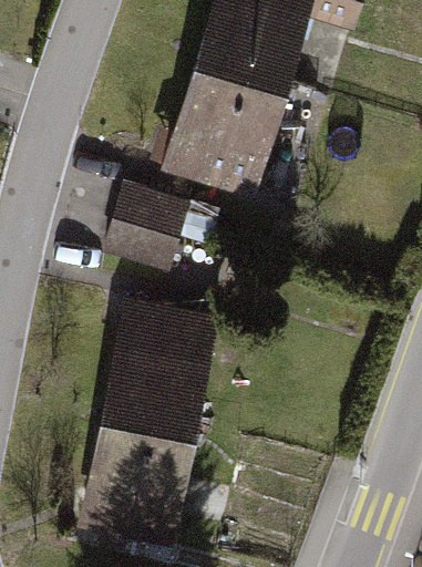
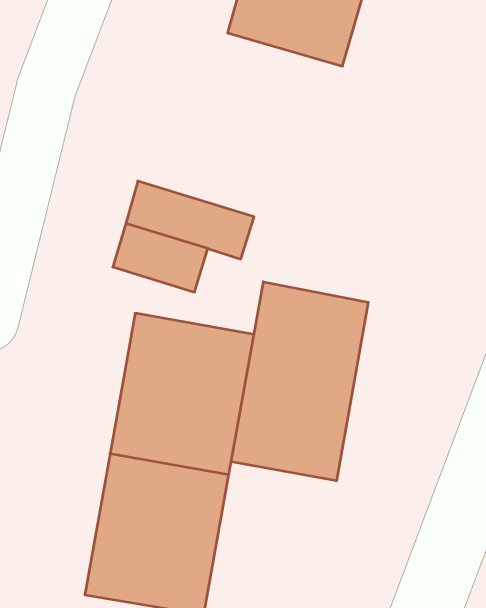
building: [163,56,294,199] -> none
building: none -> [231,282,368,481]

